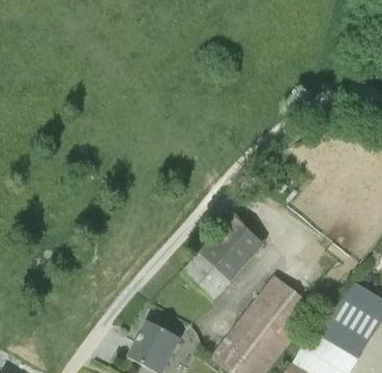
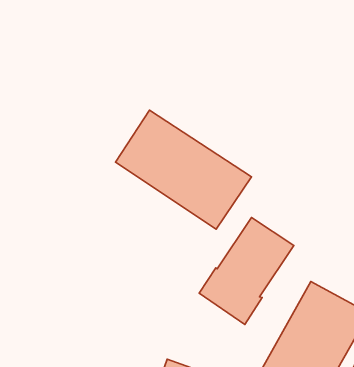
building: none -> [115,110,251,229]

